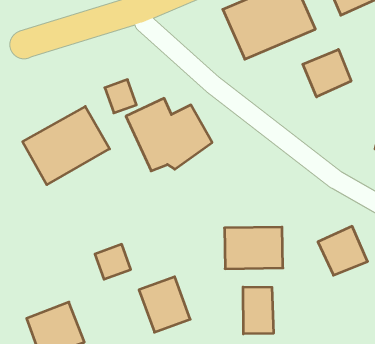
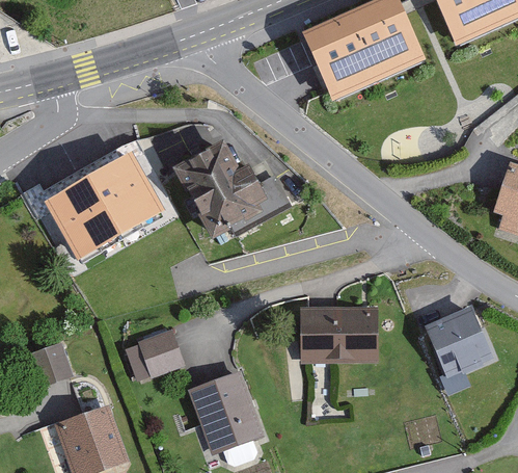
building: [303,49,351,97] -> none
building: none -> [30,341,70,384]
building: [243,287,273,334] -> none

